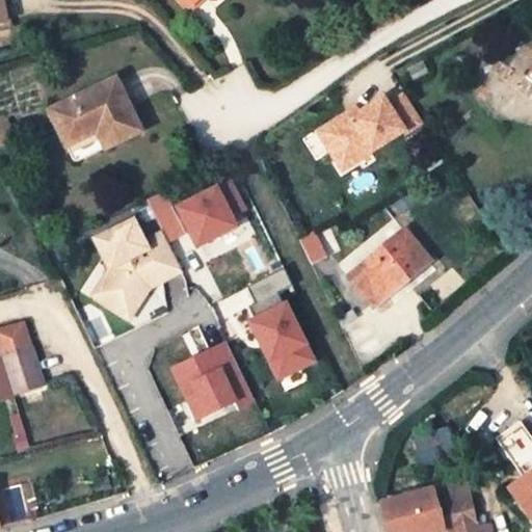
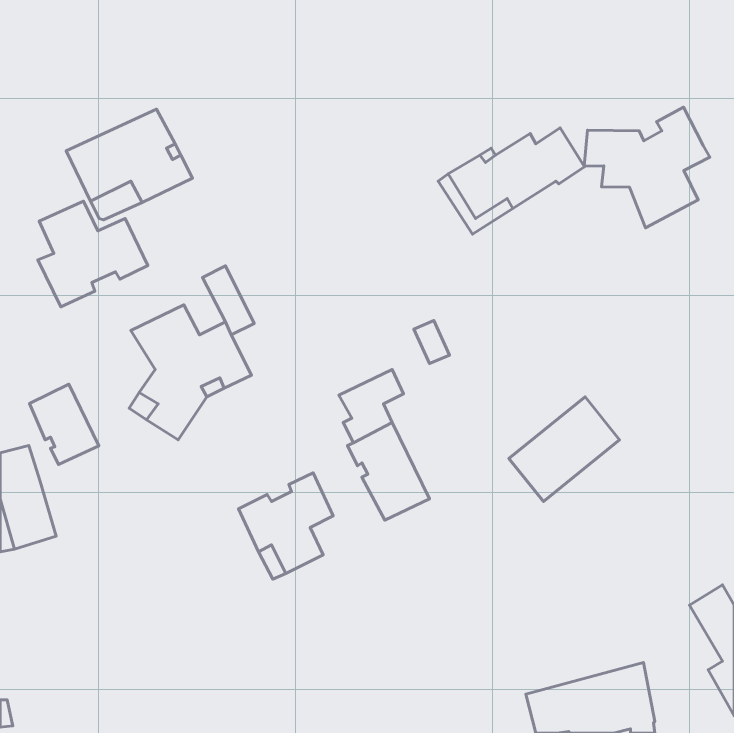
building: none -> [584,107,710,228]
building: none -> [38,201,148,307]
building: [179,182,245,246] -> none
building: [348,230,428,305] -> [509,397,620,502]
building: none -> [29,384,99,465]

